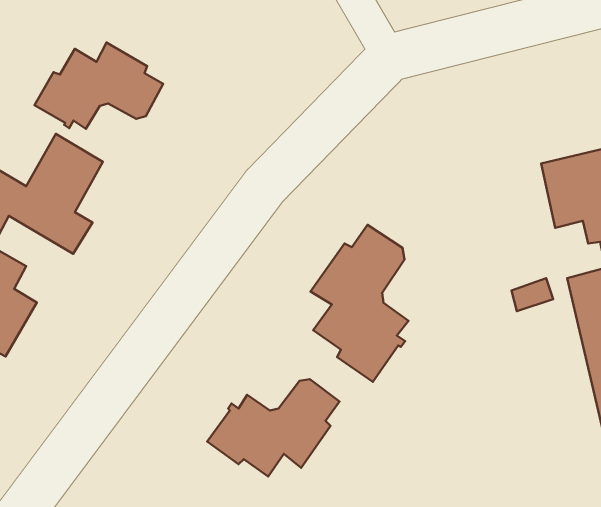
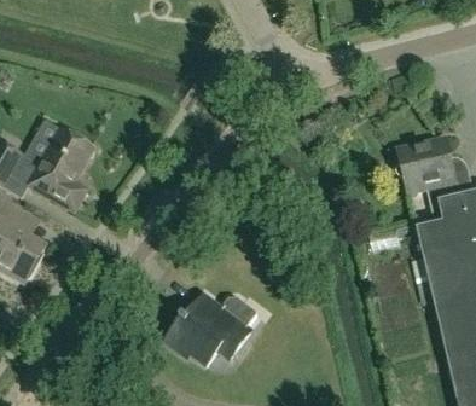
building: [34,42,163,129] -> none
building: [310,225,409,382] -> none

